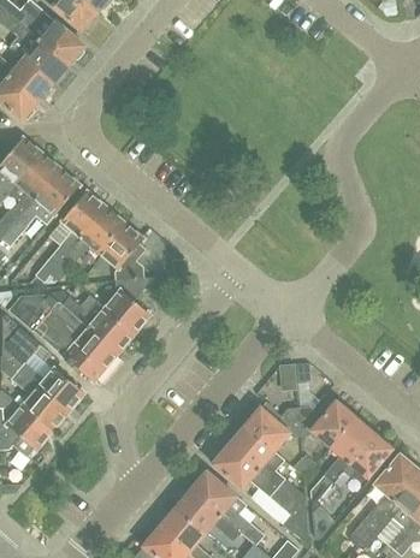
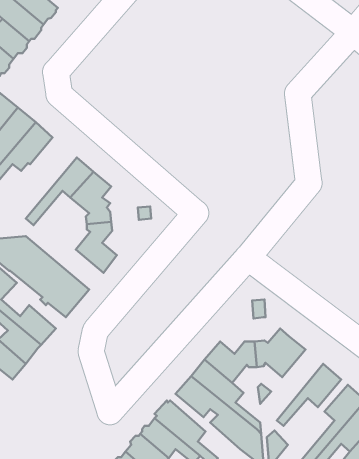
building: [35,191,106,283] -> none
building: [49,290,135,350] -> none
building: [312,415,373,503] -> none

